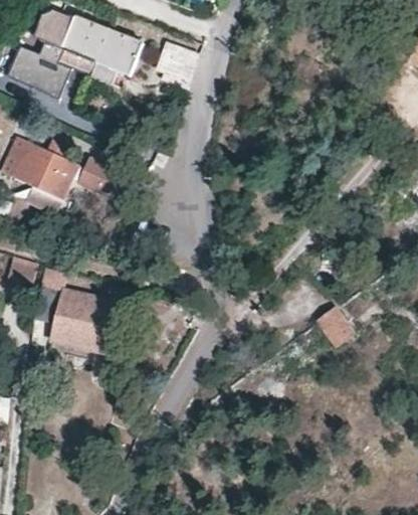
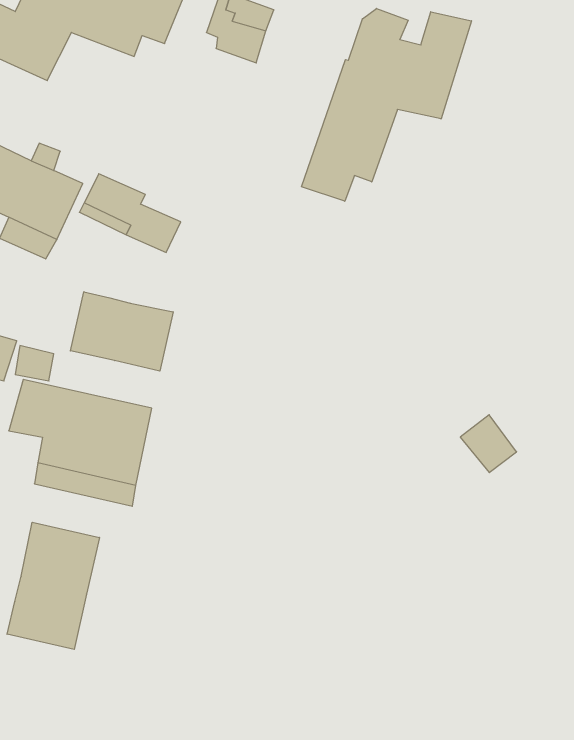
building: none -> [301,8,471,201]
building: none -> [70,292,173,371]
building: none -> [7,522,99,649]

